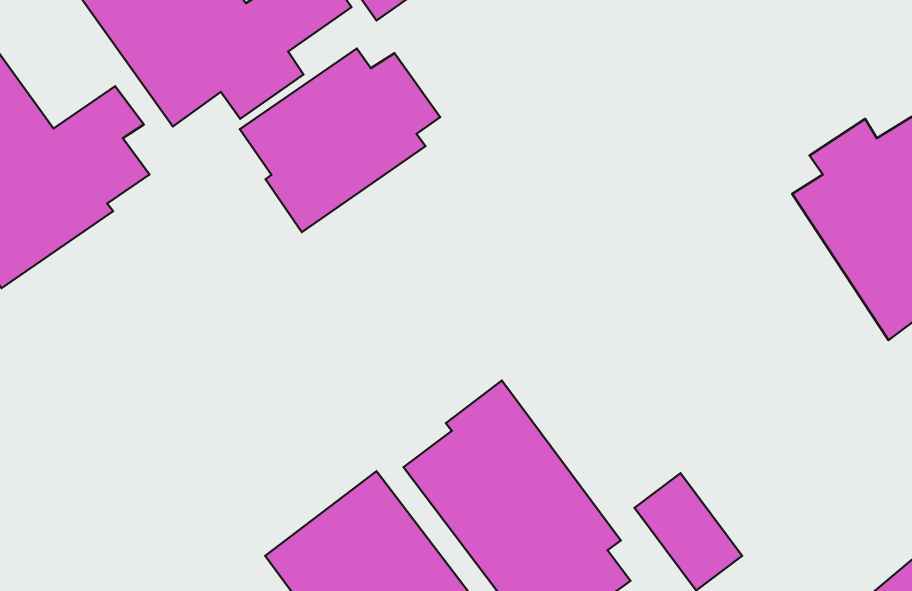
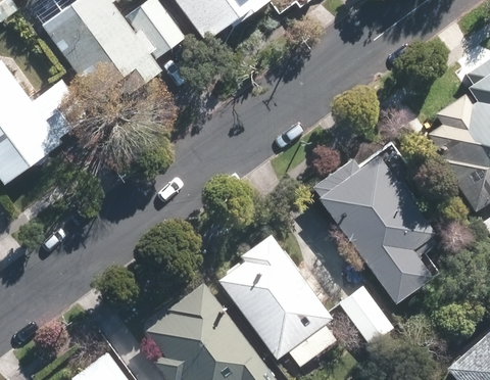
building: [240,49,440,232] -> none
building: none -> [307,154,439,305]

